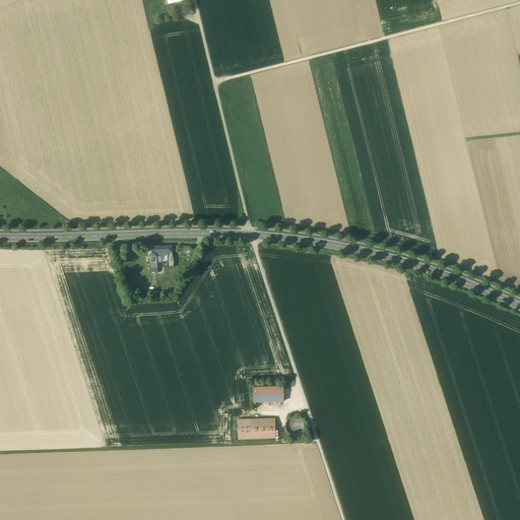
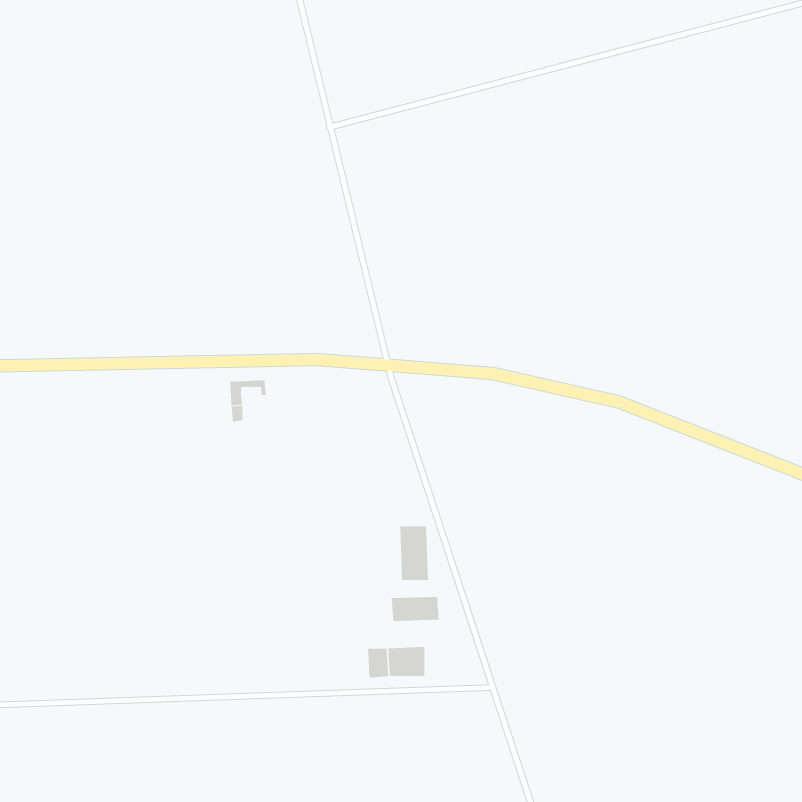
building: none -> [400,526,428,581]

